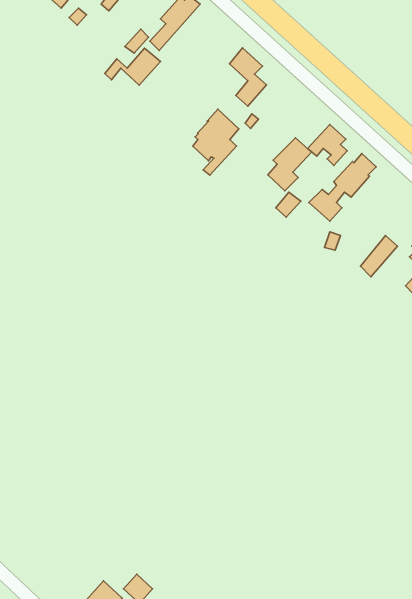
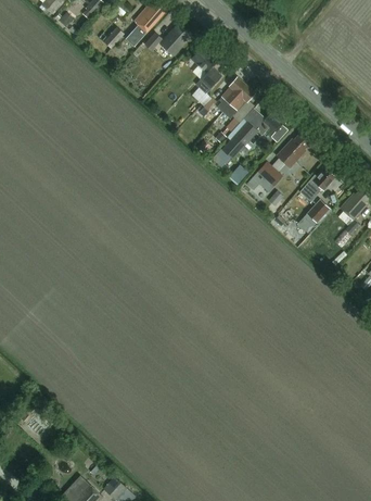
building: [105,48,160,85] -> [145,24,191,54]
building: [193,109,239,175] -> [217,76,255,130]
building: none -> [300,167,336,201]

